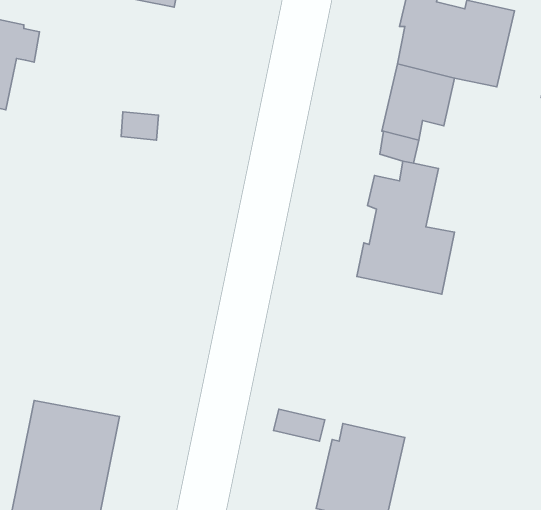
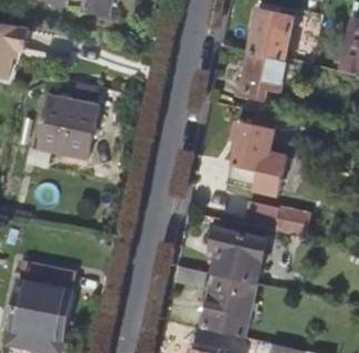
building: none -> [39,95,98,157]
building: none -> [244,203,307,233]
building: none -> [210,227,264,283]

